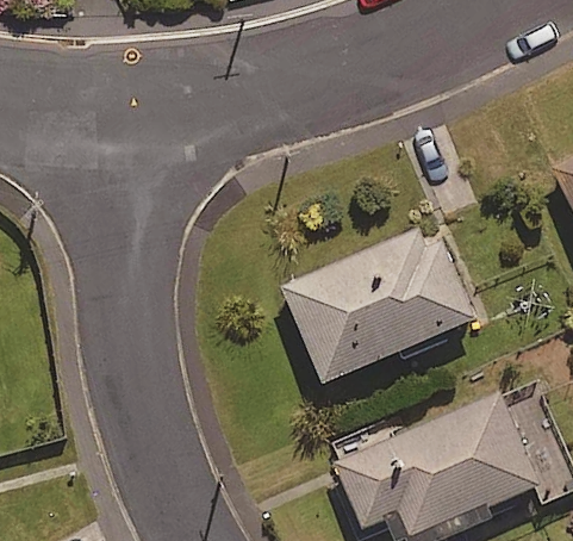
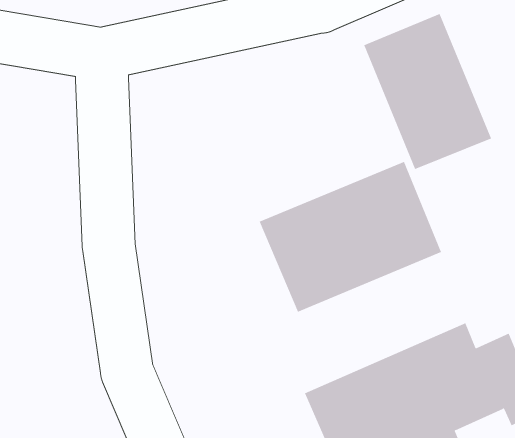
building: none -> [363,13,492,170]

